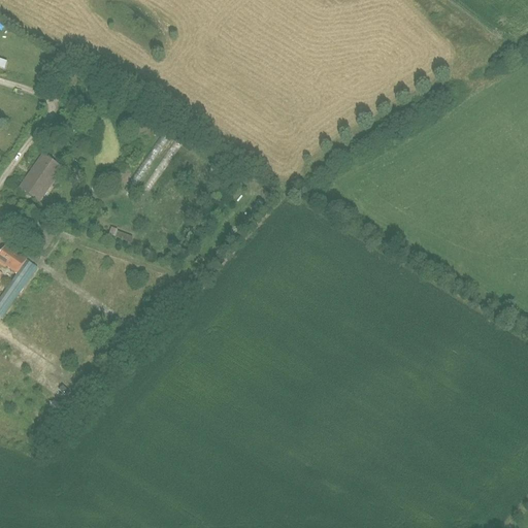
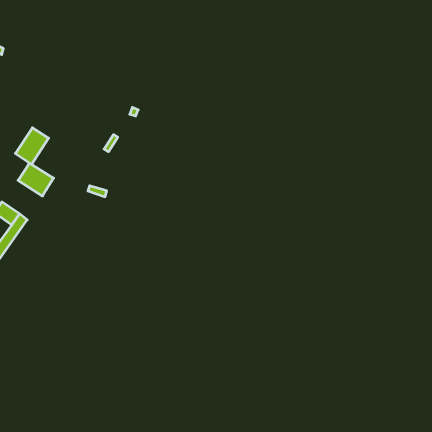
building: none -> [18,163,54,196]

